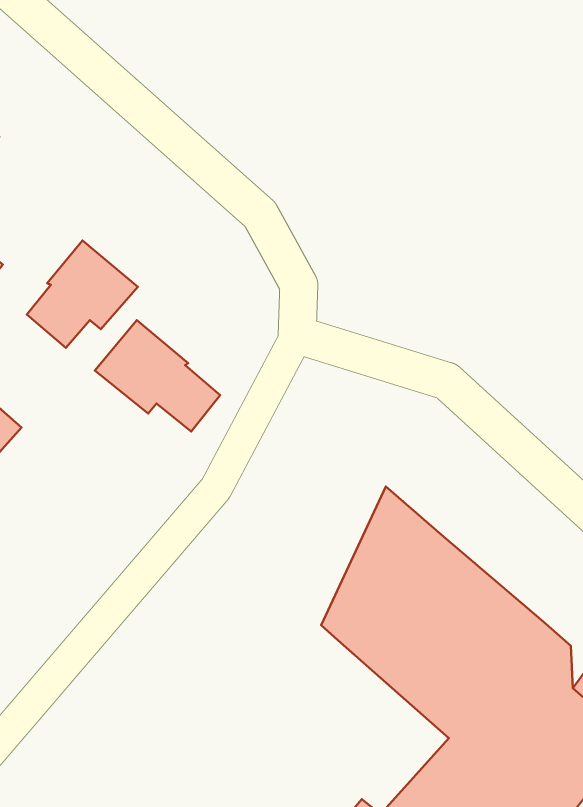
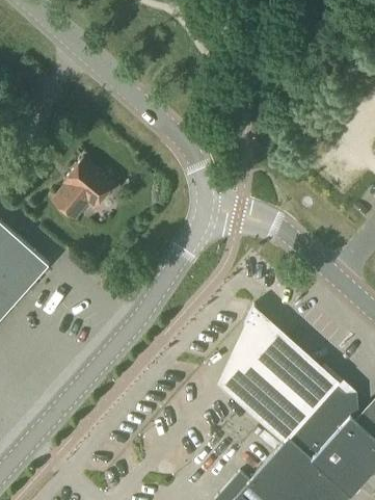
building: [95,320,220,432] -> none

